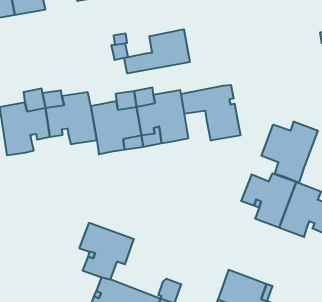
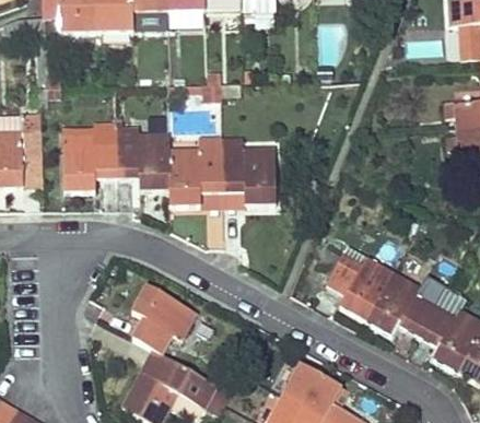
building: [124,29,190,73] -> none
building: [181,85,240,141] -> none
building: [261,121,318,183] -> none

